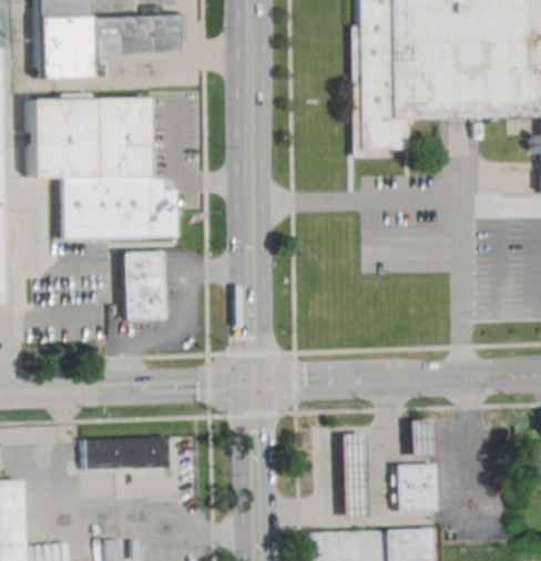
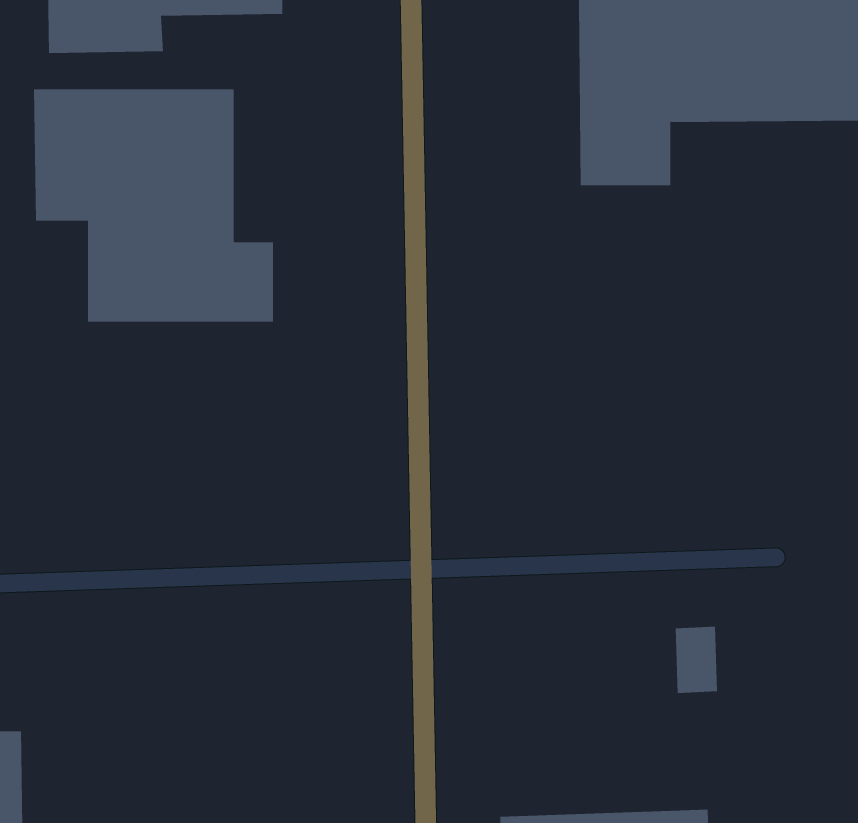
building: [124,249,166,319] -> none
building: [343,431,369,517] -> none
building: [85,437,171,470] -> none
building: [398,462,439,511] -> none

